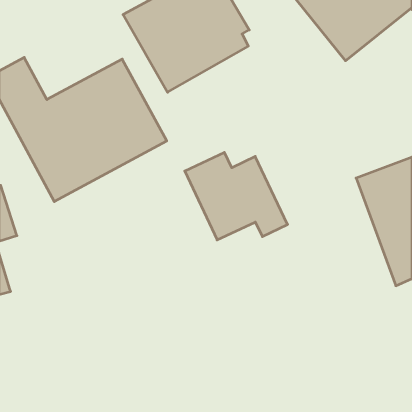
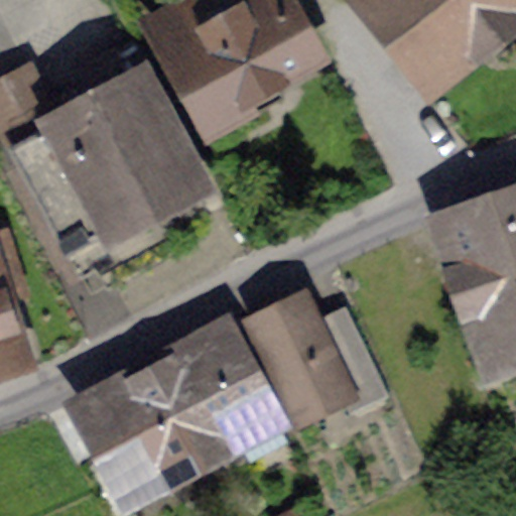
building: [185,152,288,240] -> [255,305,383,414]
building: none -> [86,331,280,492]

